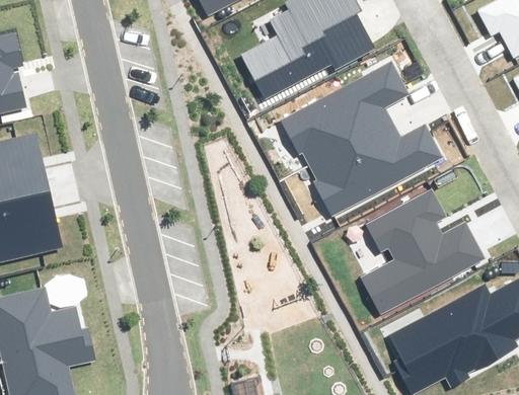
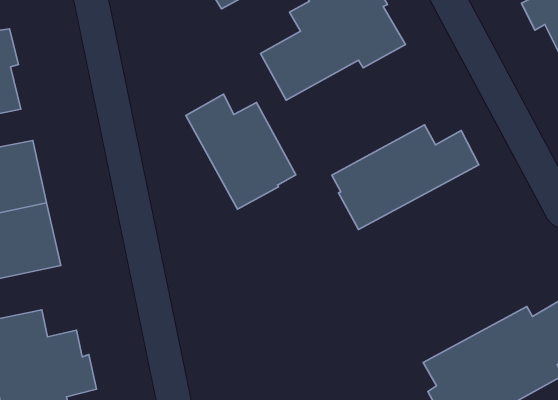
building: [281,62,407,165] -> none
building: none -> [186,94,296,209]
building: [361,188,483,313] -> none

